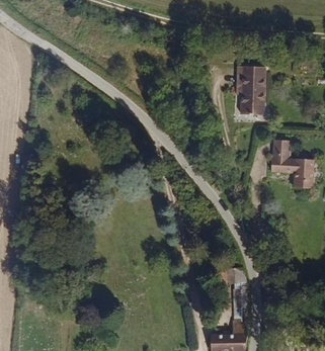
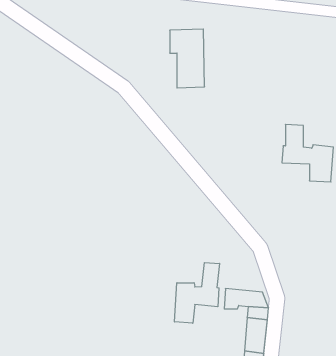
building: [234,65,263,114] -> [170,29,205,88]
building: none -> [175,263,220,323]

